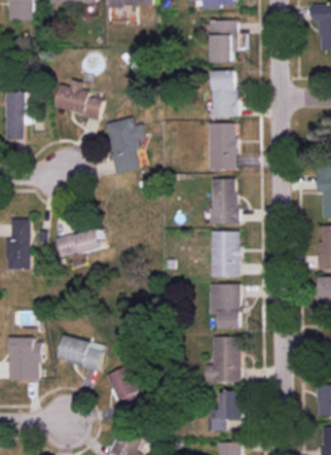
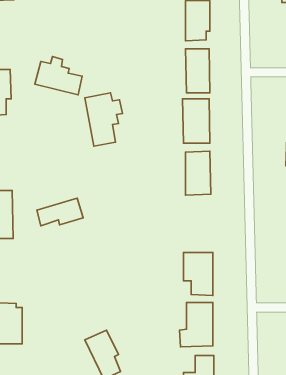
building: [211,232,240,277] -> none
building: [57,336,104,369] -> none

